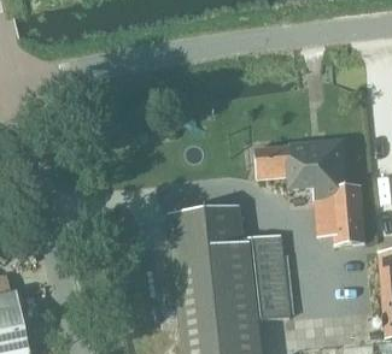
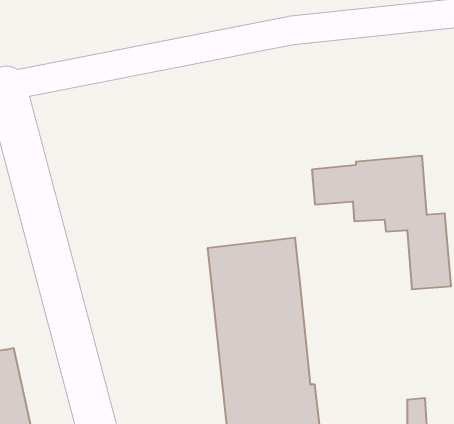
building: [245,234,291,321] -> none

